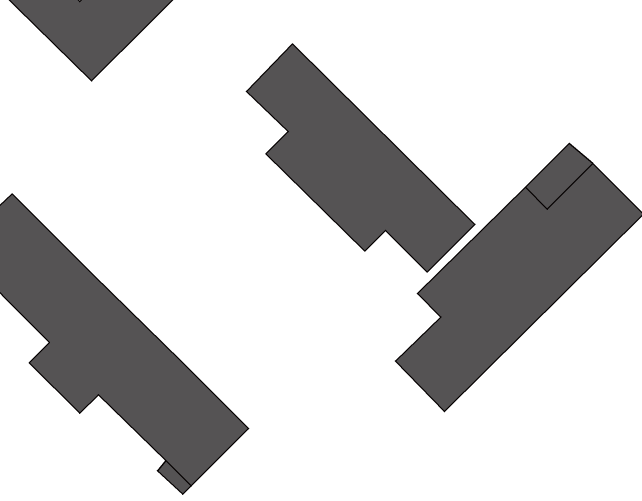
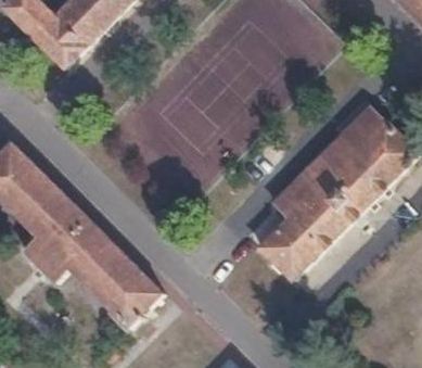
building: [246,44,475,272] -> none

